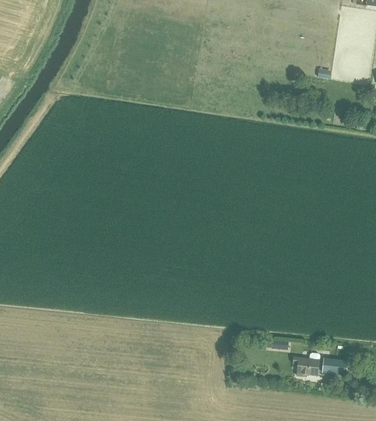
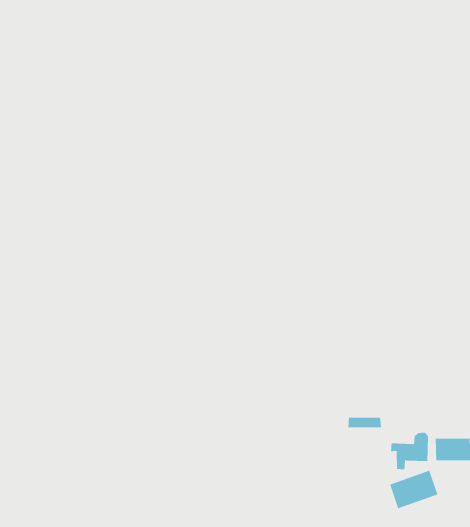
building: none -> [390,470,438,509]

